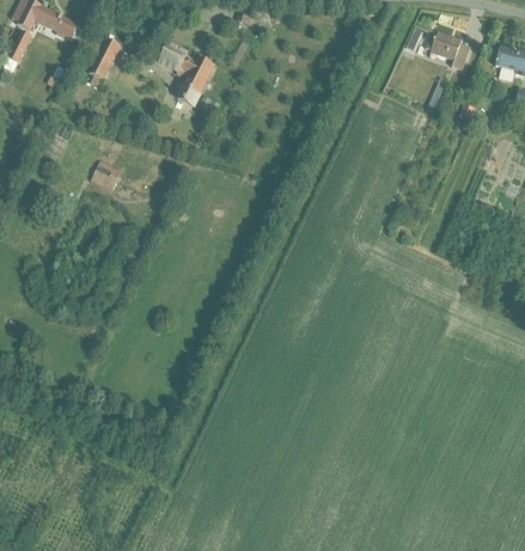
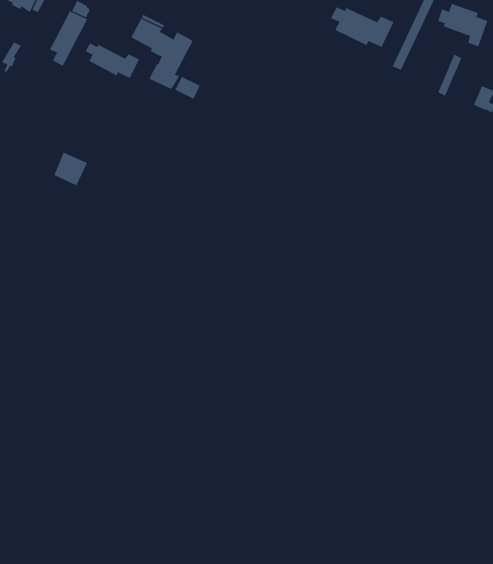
building: none -> [330,6,394,48]
building: none -> [85,43,140,79]

